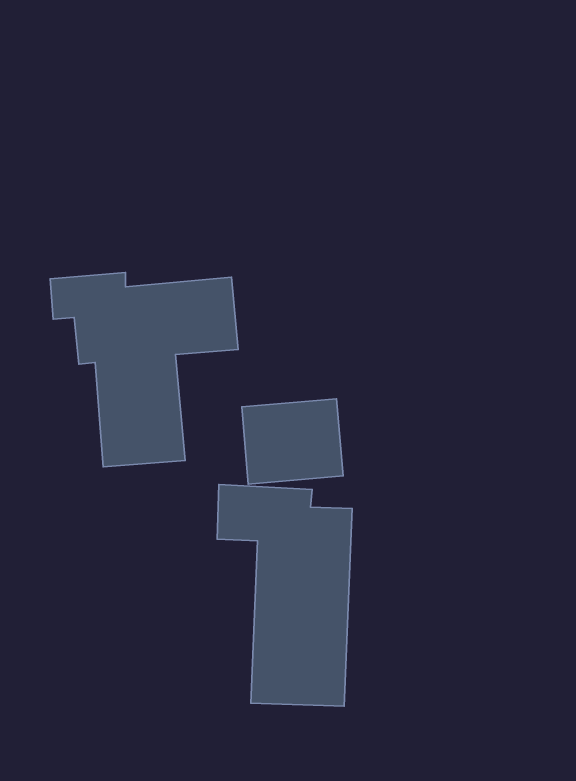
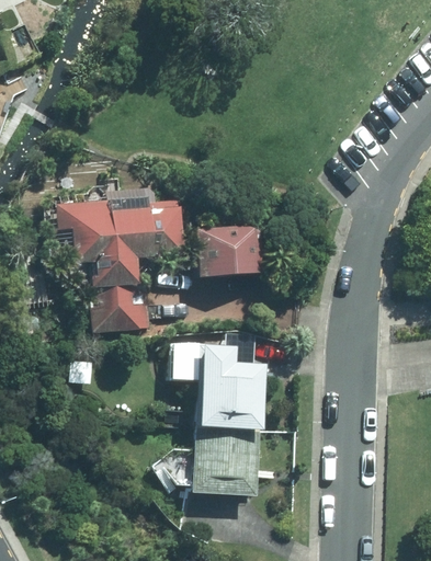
building: [242,399,343,484] -> [197,219,266,277]

